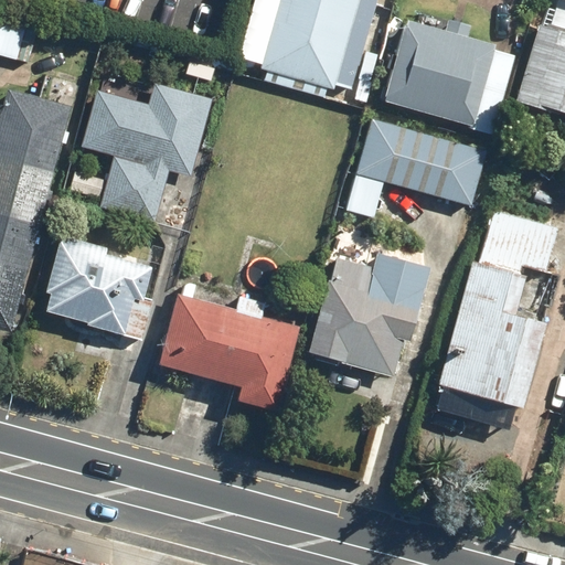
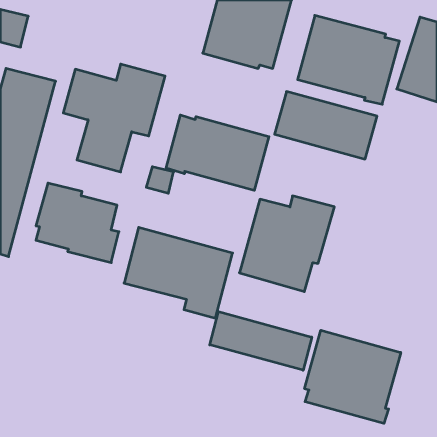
building: none -> [166,115,269,190]
building: [437,210,558,428] -> none
building: none -> [210,312,312,370]
building: none -> [305,330,401,423]

